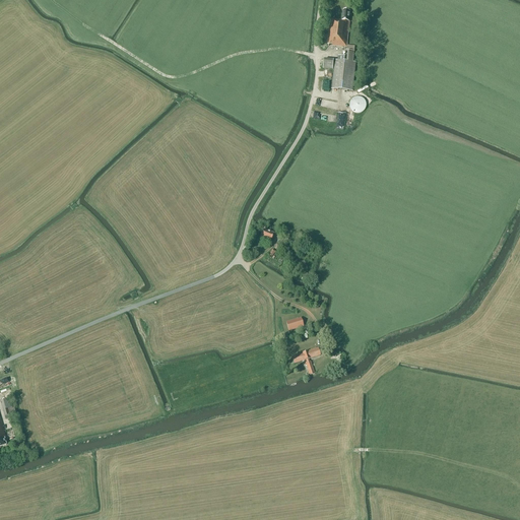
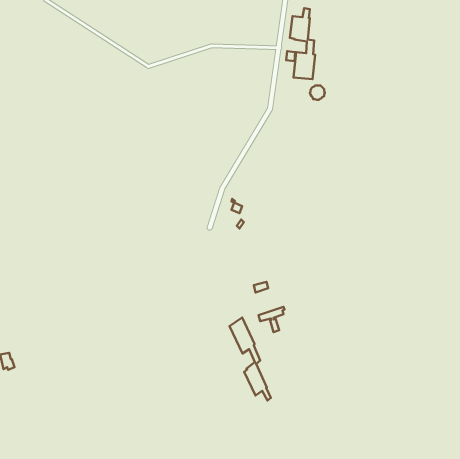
building: none -> [229,317,271,401]

